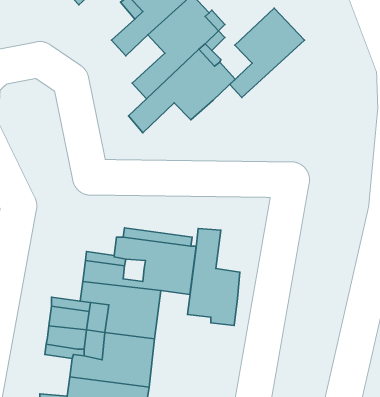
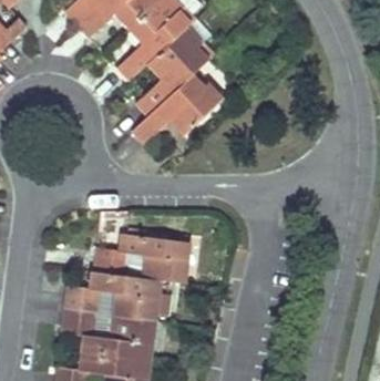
building: [230,8,304,98] -> none
building: [188,228,240,326] -> none

